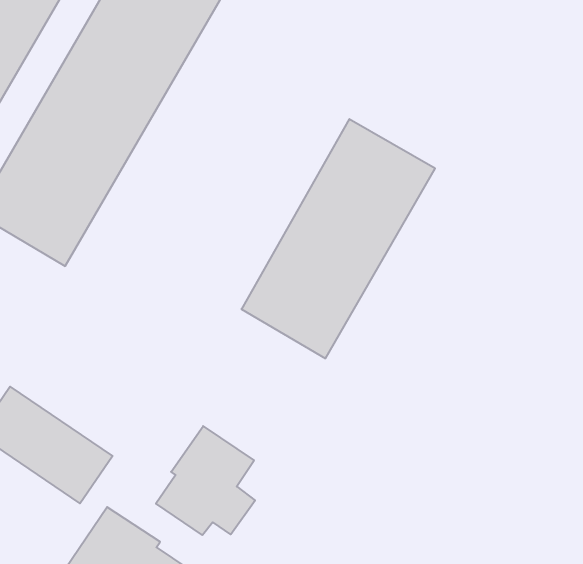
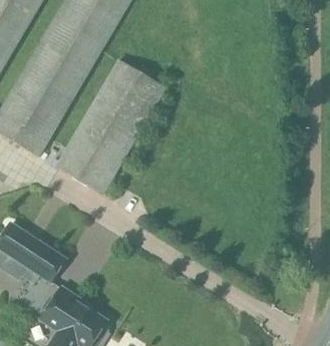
building: [241,119,435,358] -> [58,61,164,193]
building: [156,426,255,535] -> none

